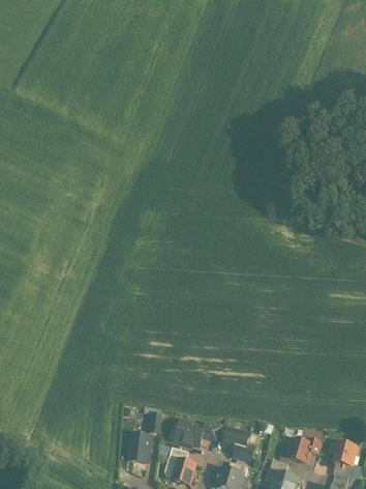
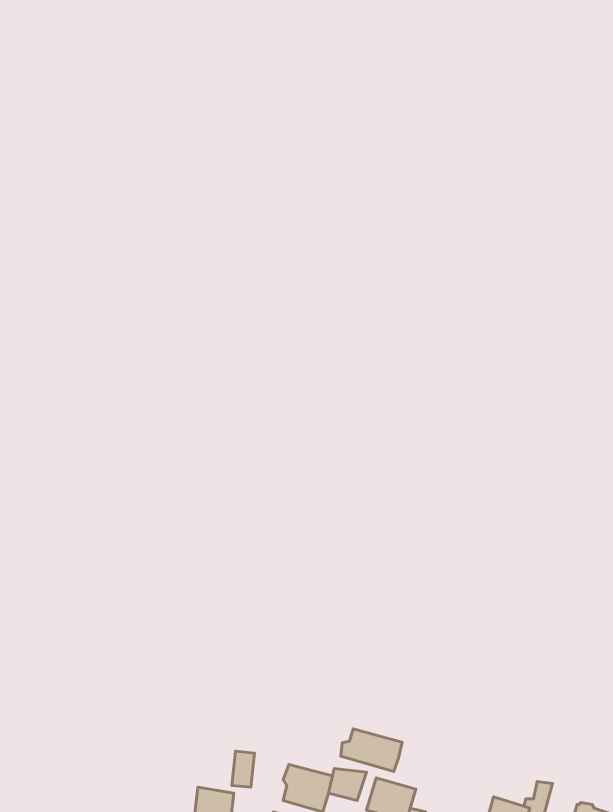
building: none -> [341,729,402,771]

